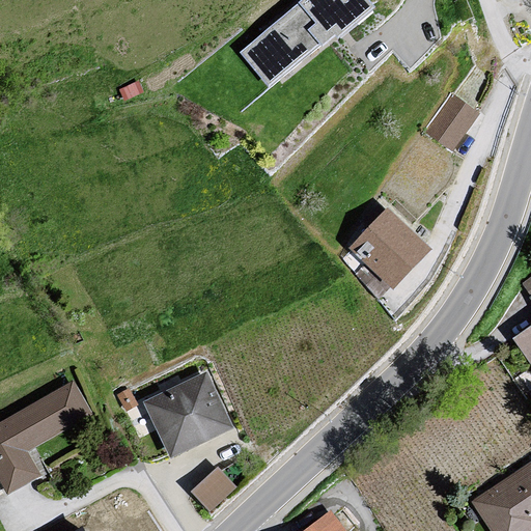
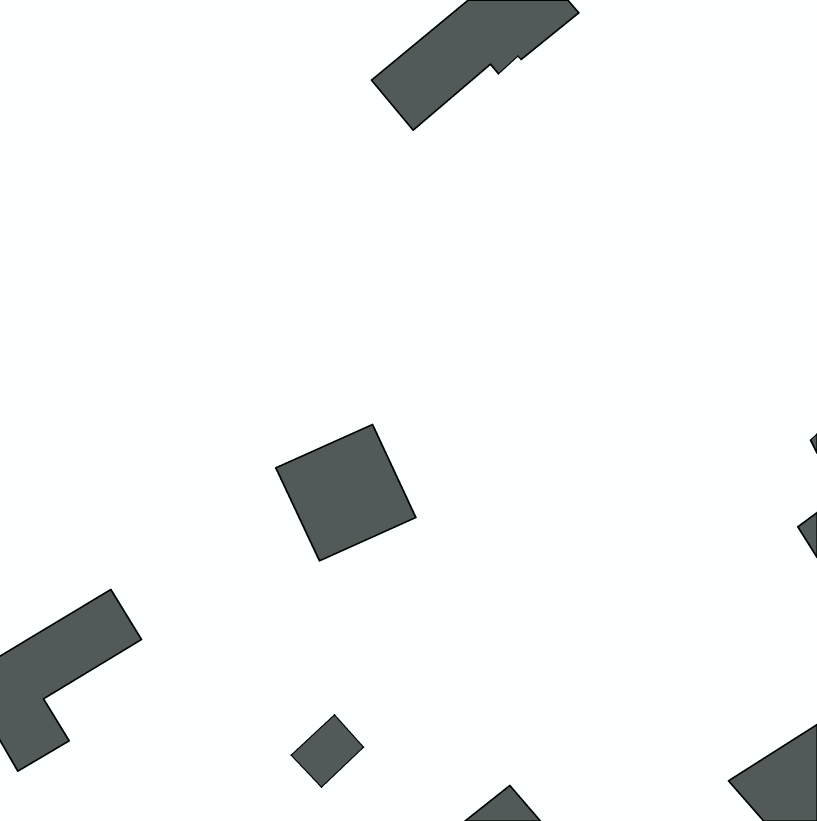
building: [424,95,475,150] -> none
building: [350,213,425,288] -> none
building: [146,373,236,462] -> [276,424,416,561]

